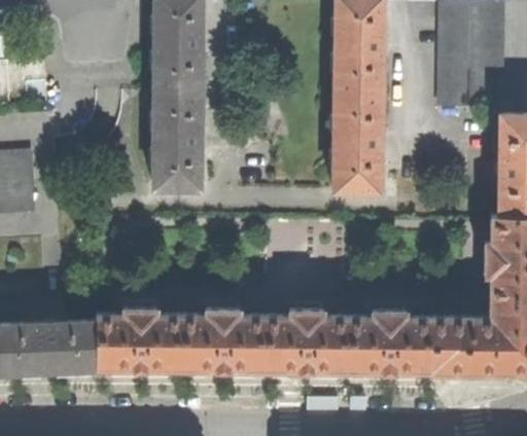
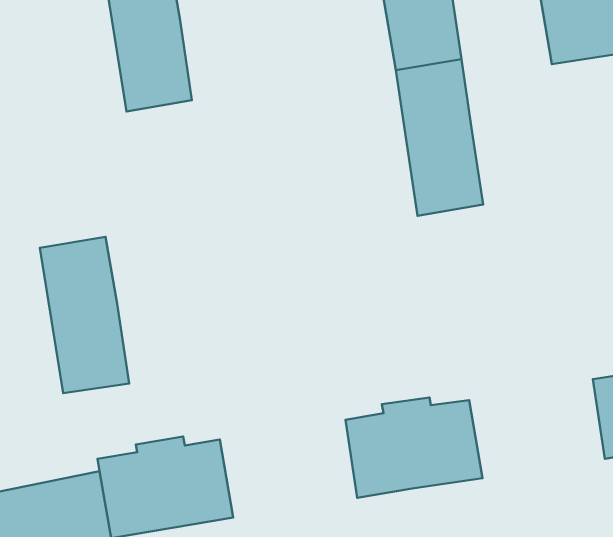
building: [153,95,199,193] -> [40,237,129,393]
building: [179,315,264,373] -> none
building: [347,316,430,375] -> none

